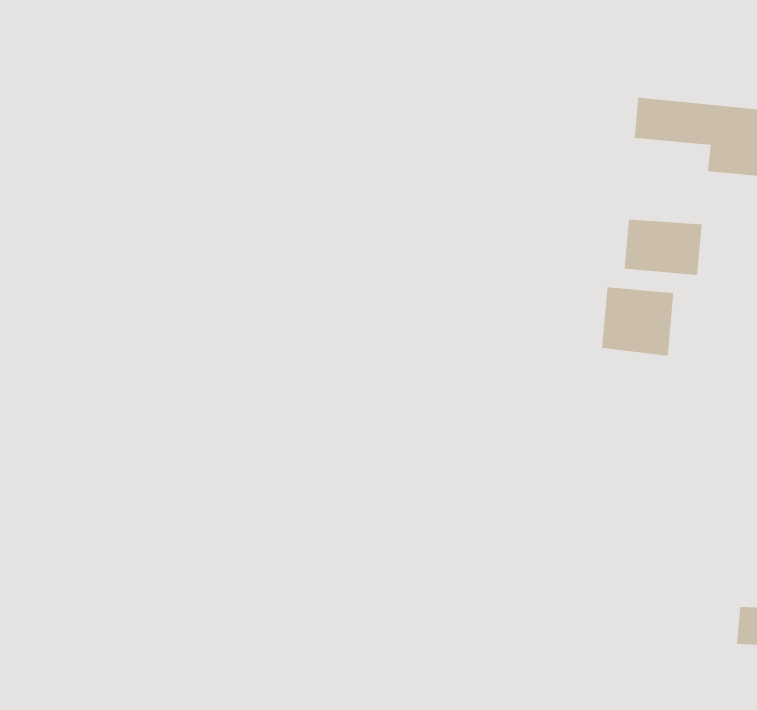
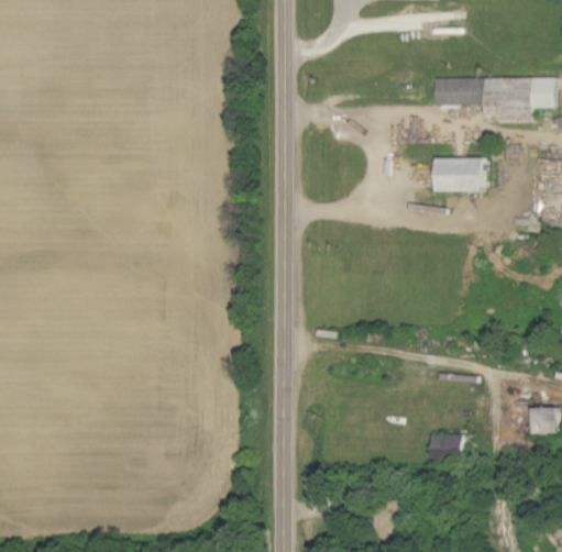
building: [602,287,674,357] -> none
building: none -> [430,434,462,460]

